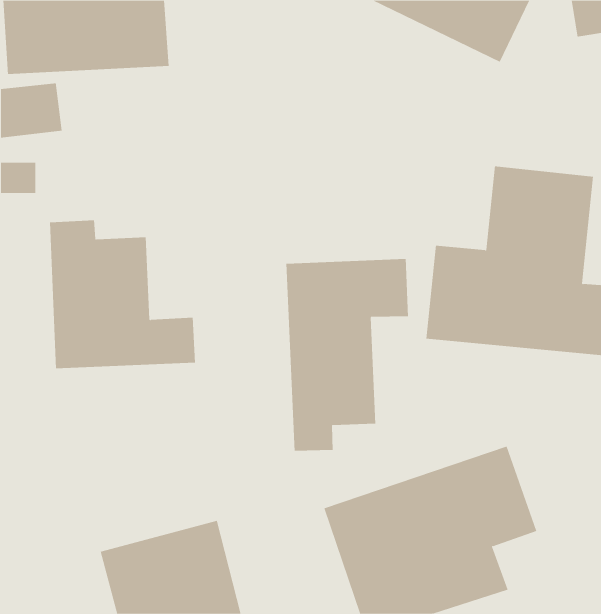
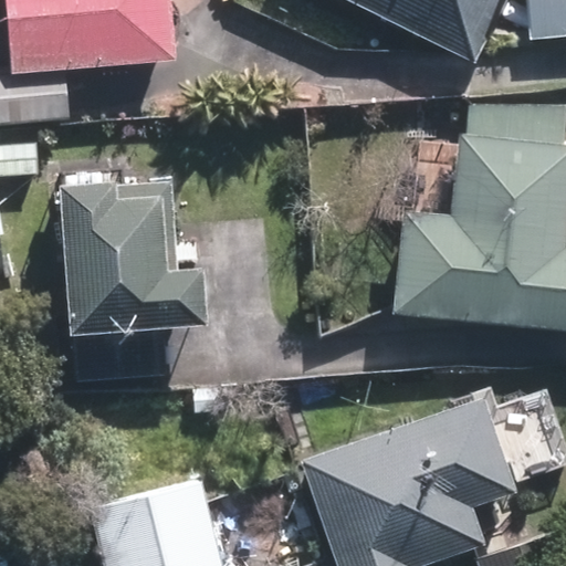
building: [286,258,408,452] -> none

